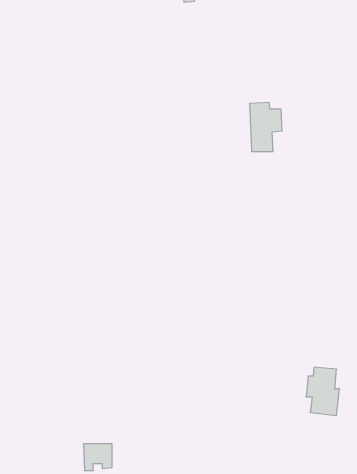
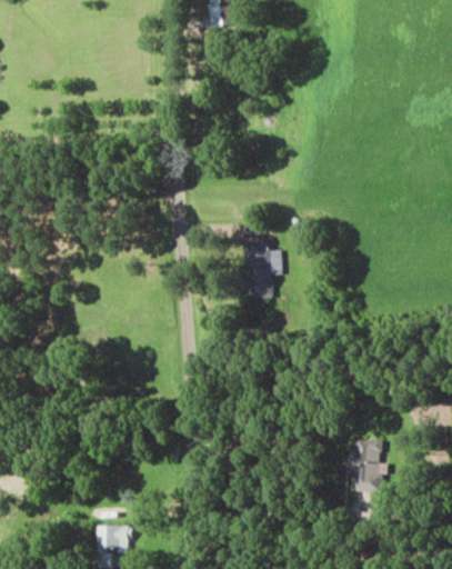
building: [250,102,282,152] -> [247,242,283,298]

